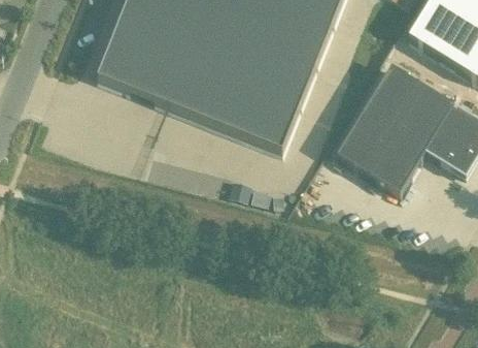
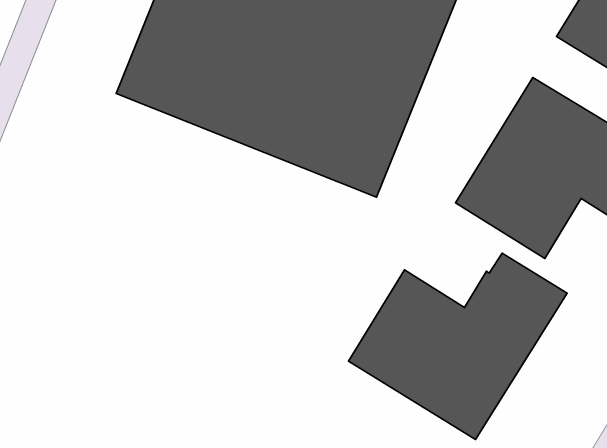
building: none -> [349,253,567,439]

